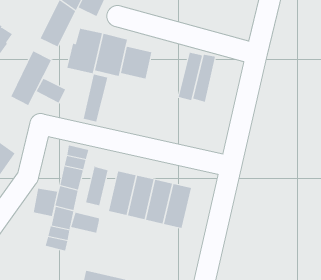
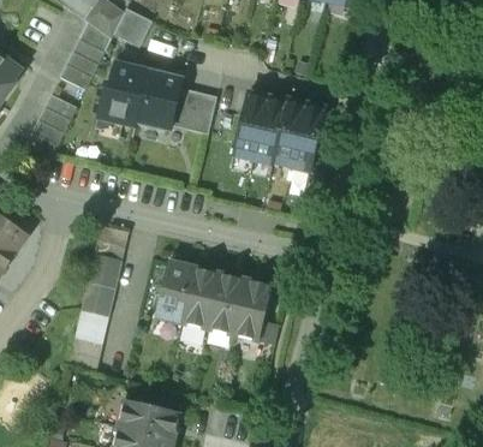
building: none -> [291,102,326,169]
building: [83,74,108,122] -> [233,91,268,159]
building: [36,78,66,103] -> none
building: [85,165,108,206] -> none
building: [33,188,58,217] -> none
building: [71,212,100,233] -> none

